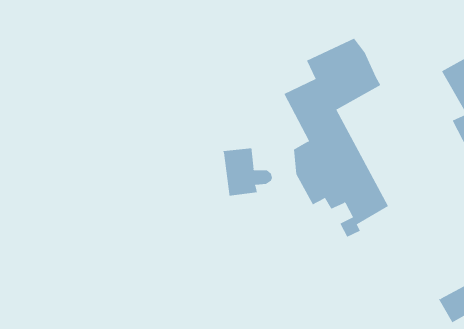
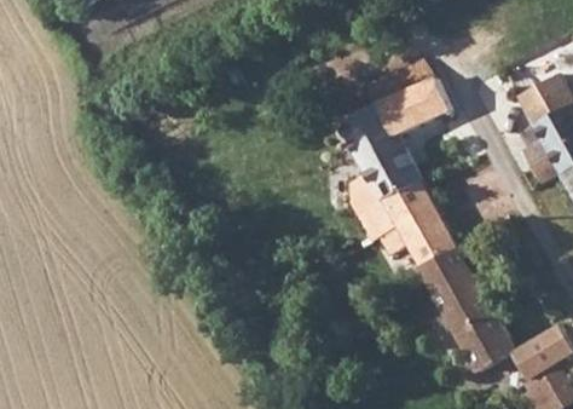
building: [223,148,273,197] -> none
building: none -> [421,246,514,369]

